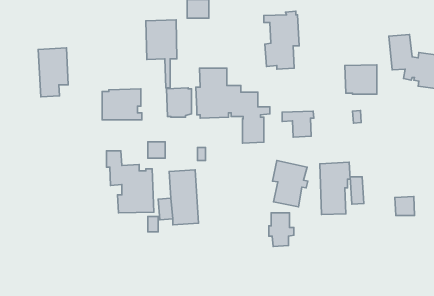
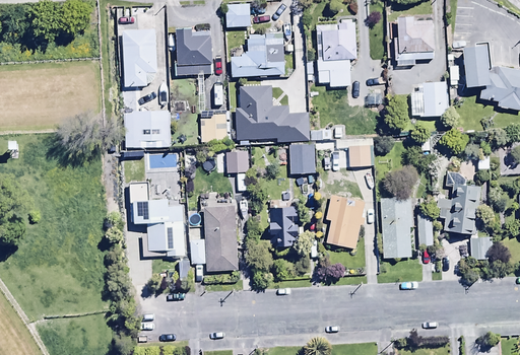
building: none -> [394,16,435,65]
building: none -> [230,31,284,76]
building: [38,48,68,97] -> [122,28,157,86]
building: [148,142,165,158] -> [226,153,247,172]
building: none -> [437,185,479,232]
building: [269,213,294,246] -> [269,207,299,246]

